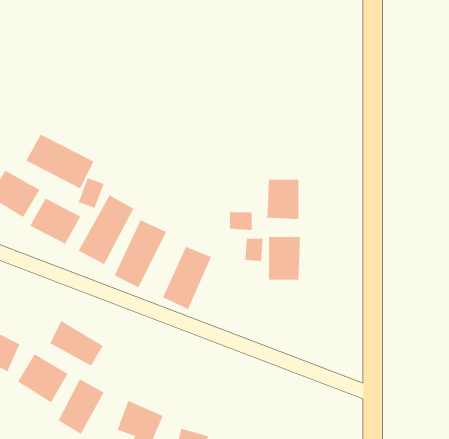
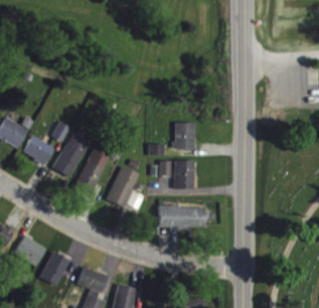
building: [25,134,94,189] -> none
building: none -> [159,205,205,230]
building: [50,320,104,367] -> none

